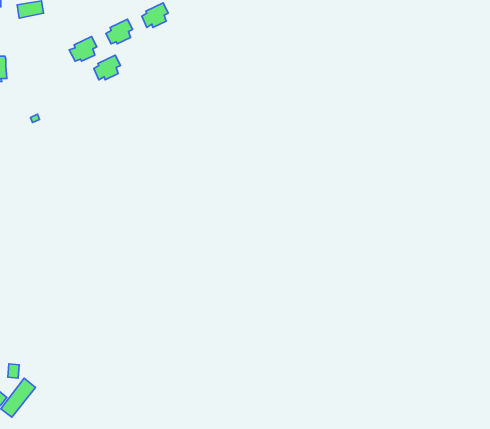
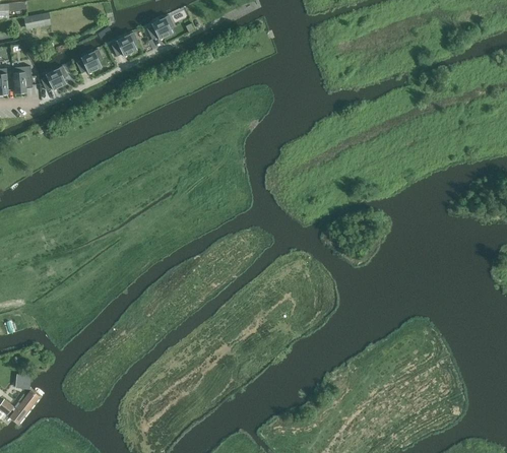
building: none -> [11,65,31,92]
building: [94,55,120,80] -> [41,65,67,89]

